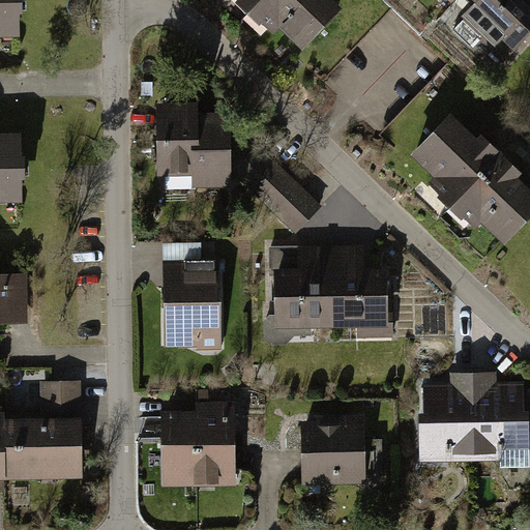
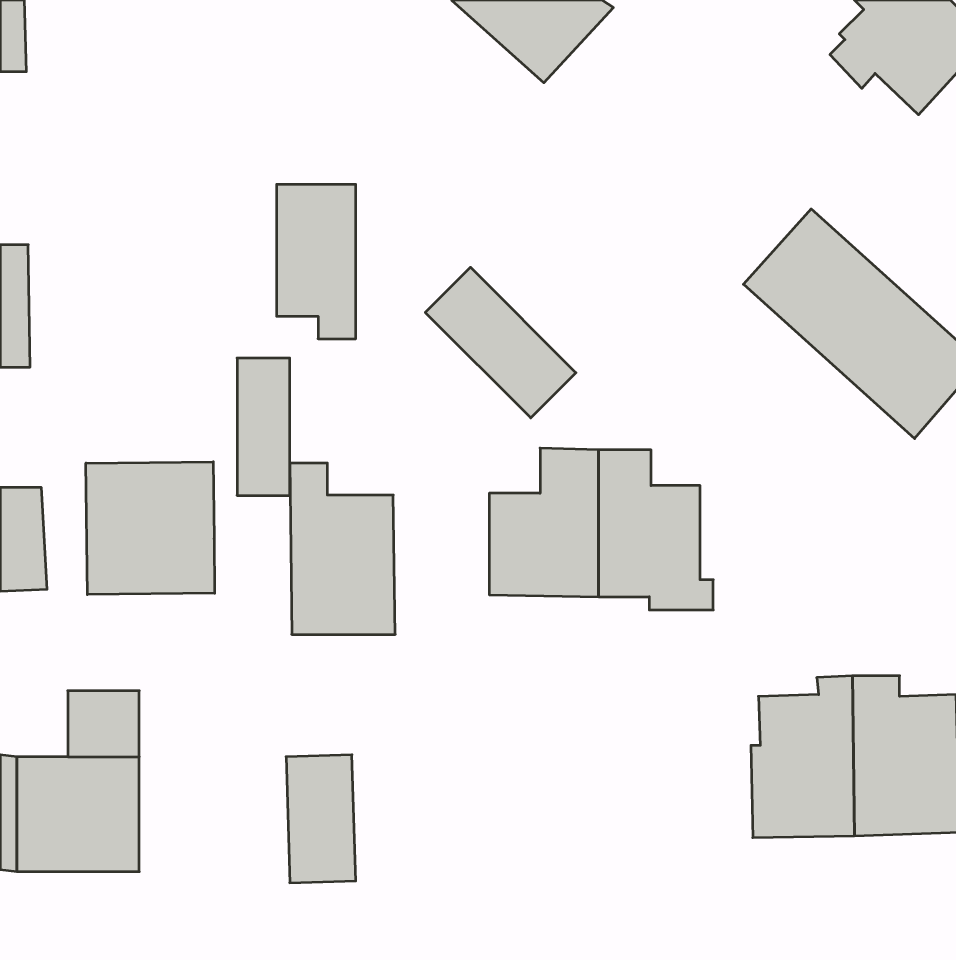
building: [199,112,228,187] -> [237,358,290,495]
building: none -> [86,462,215,595]
building: [197,404,233,485] -> none
building: [291,415,363,488] -> none

